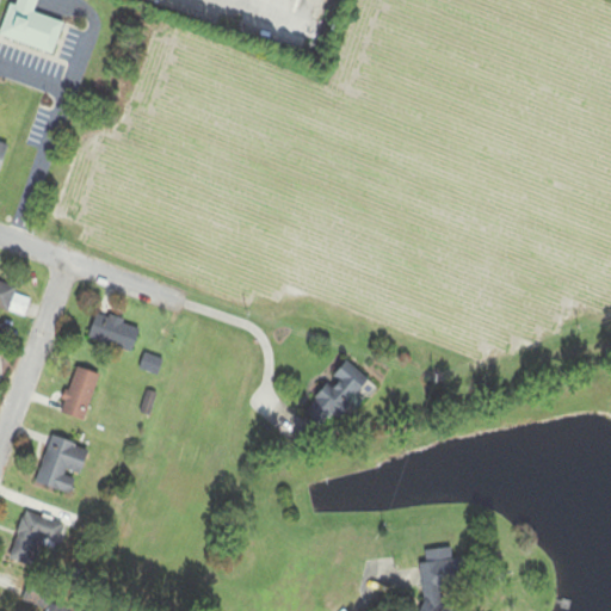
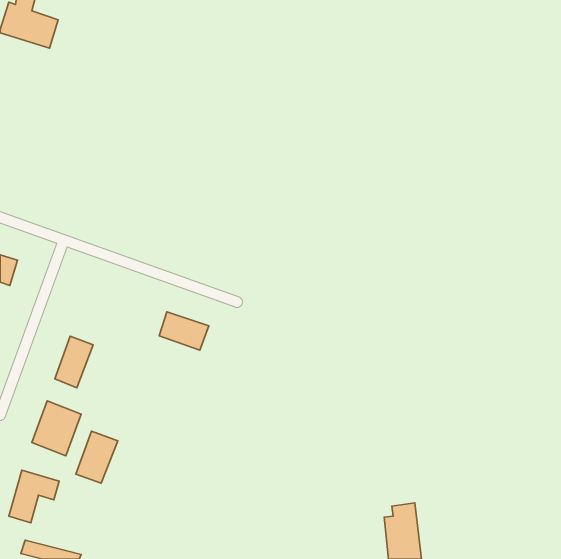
building: [88,311,142,353] -> [159,312,209,350]
building: [306,359,370,432] -> none
building: none -> [76,431,118,483]

